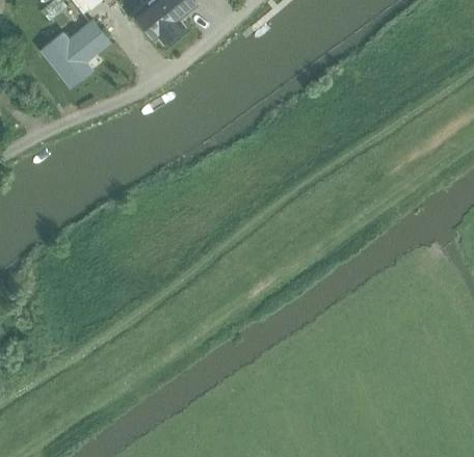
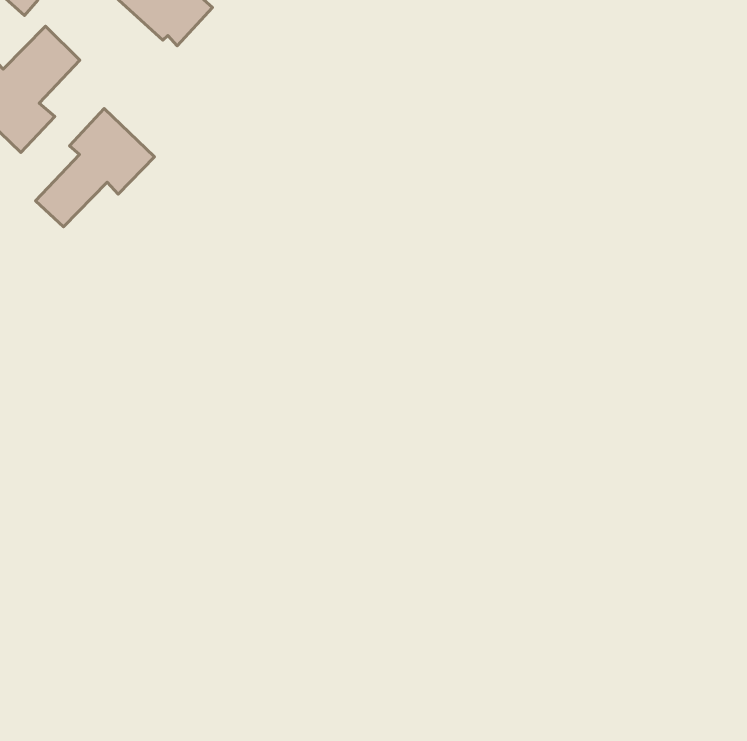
building: none -> [35,109,155,227]

